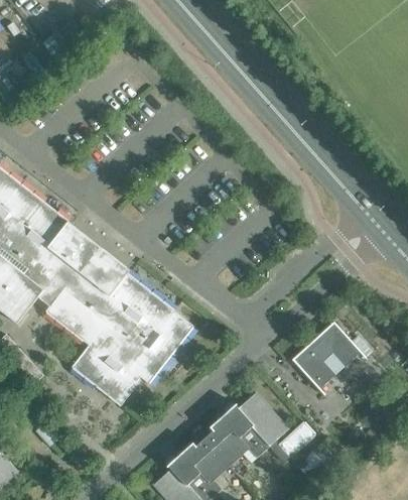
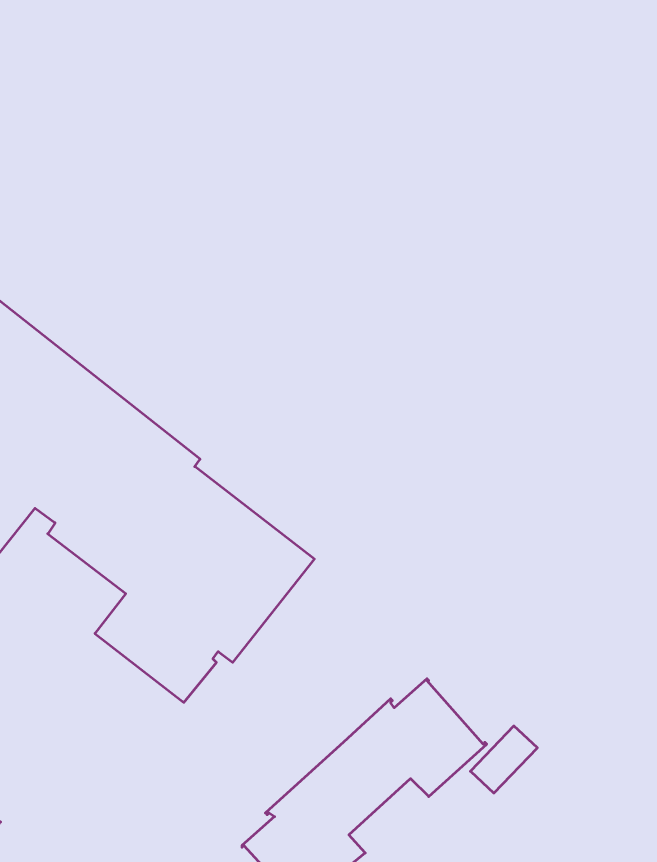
building: [292,322,366,395] -> none

